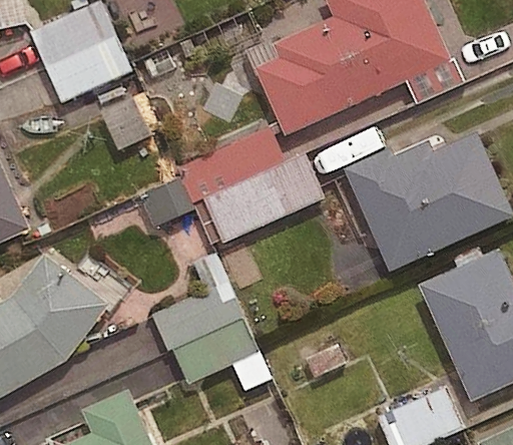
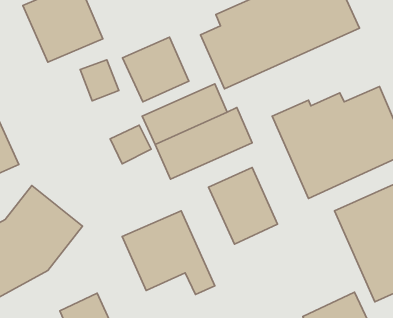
building: none -> [123,37,189,102]
building: none -> [208,167,277,244]

